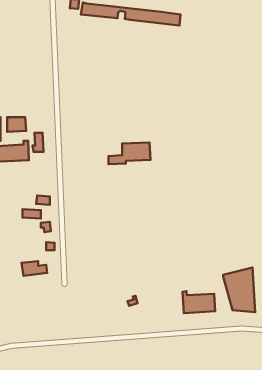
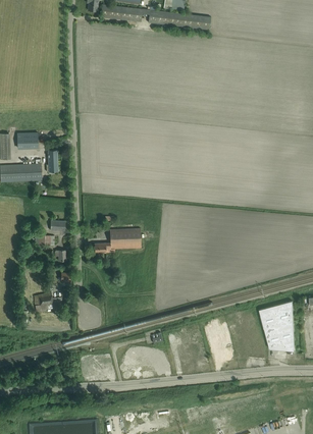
building: [109,142,151,164] -> [95,229,142,254]
building: [183,291,215,313] -> none

